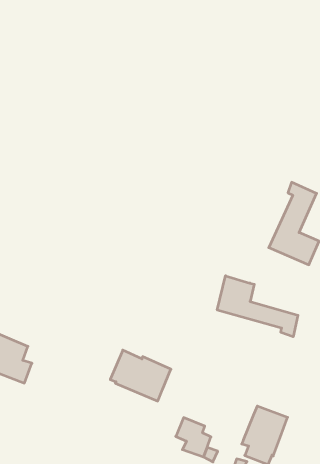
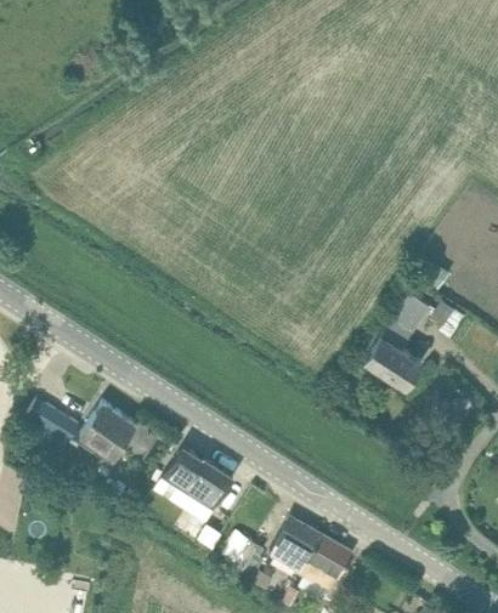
building: [217,276,298,337] -> none
building: none -> [79,403,136,459]
building: none -> [270,517,322,571]

